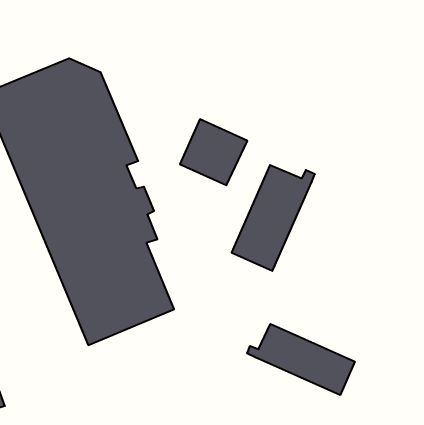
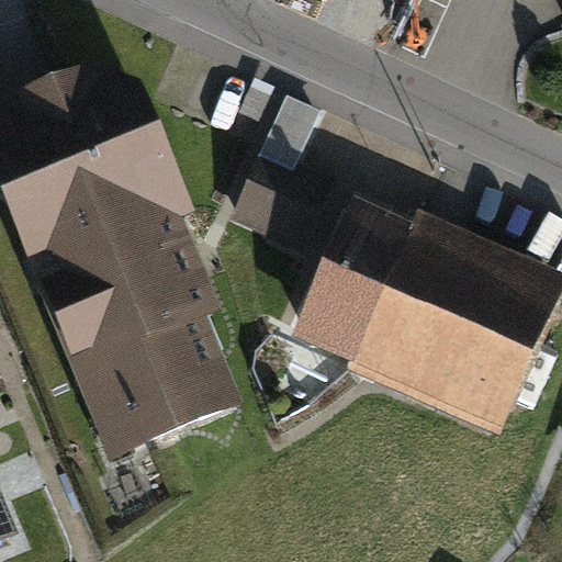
building: none -> [359,241,548,419]
building: [247,324,355,395] -> none

